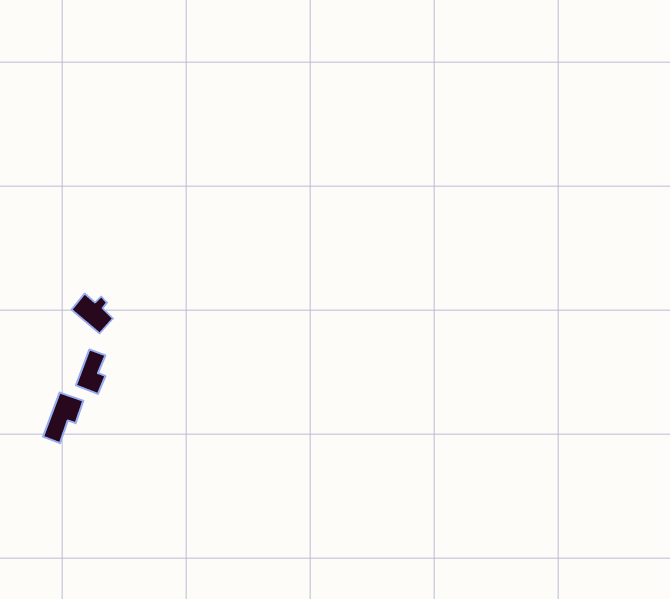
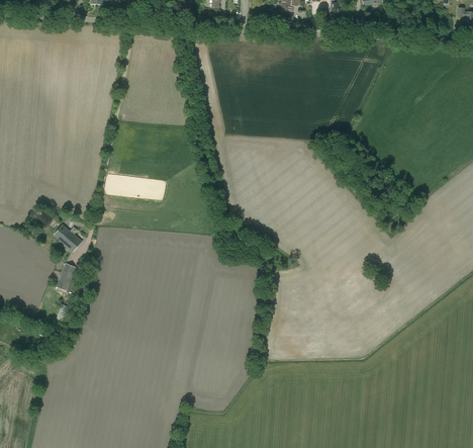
building: [43,392,83,443] -> none

